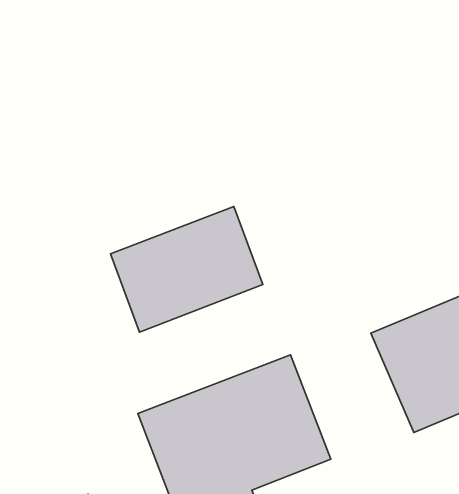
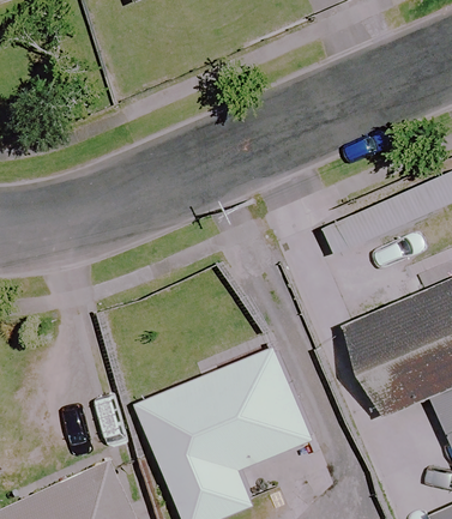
building: [111,206,263,332] -> none

